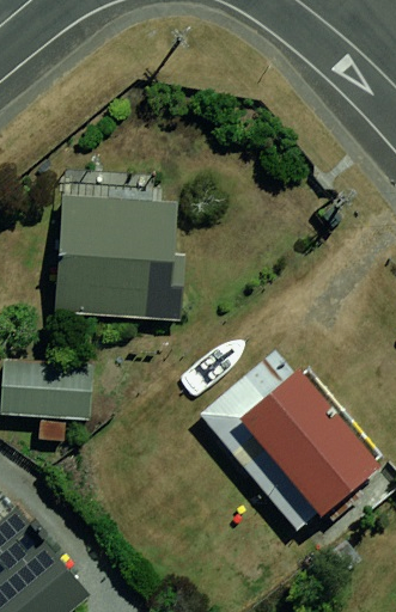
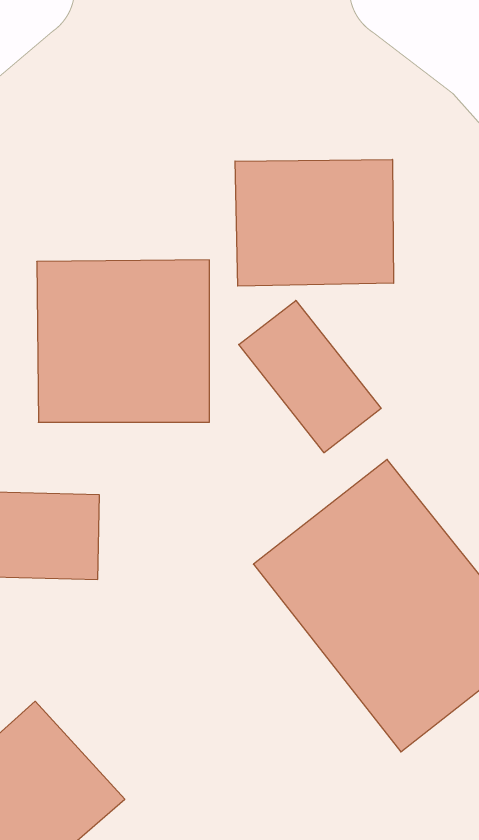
building: none -> [235,159,394,286]
building: none -> [239,300,381,453]

